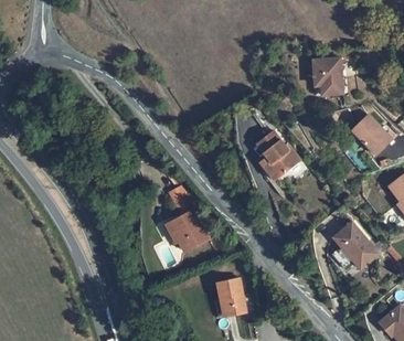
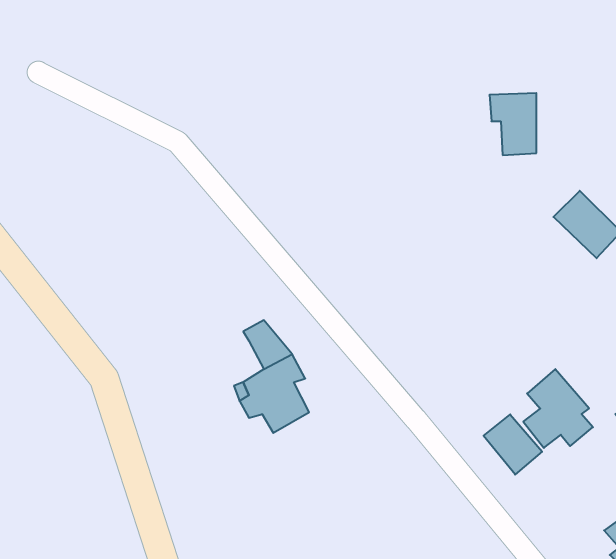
building: [257,127,298,173] -> none
building: none -> [484,414,542,475]
building: [214,281,247,322] -> none

